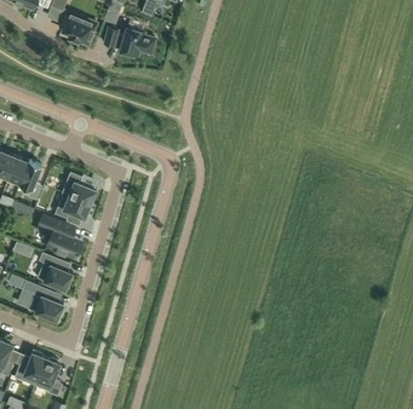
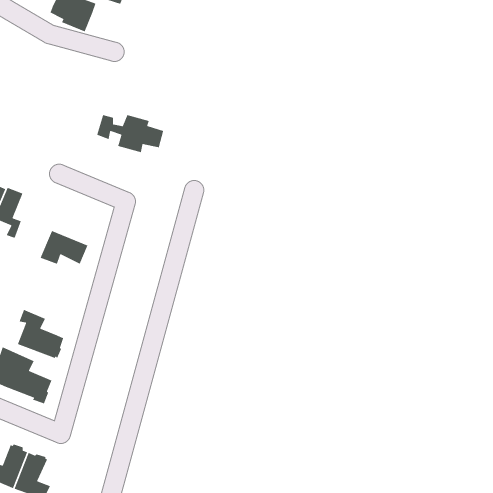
building: [104,28,155,57] -> [96,114,164,153]
building: [62,172,97,204] -> none
building: [39,214,82,259] -> none

